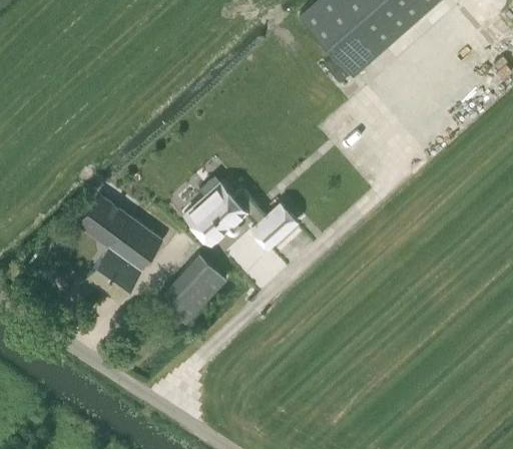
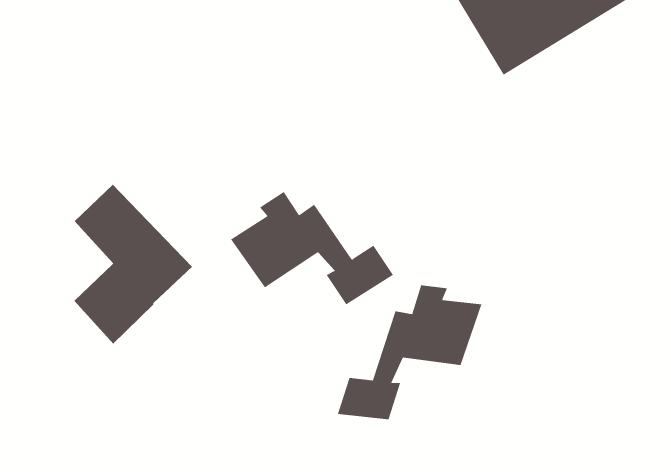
building: none -> [337,284,482,420]
building: [161,258,225,322] -> none

